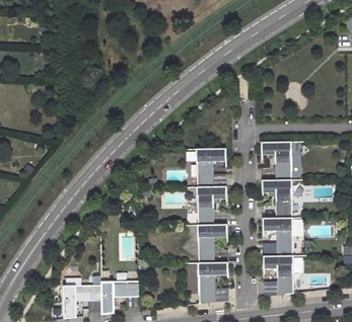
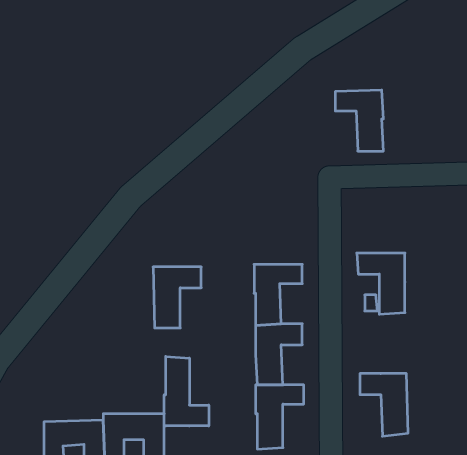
building: [261,142,291,180] -> [335,90,383,151]
building: [195,149,225,187] -> [153,267,201,328]
building: [262,218,292,256] -> none
building: none -> [164,356,209,426]

